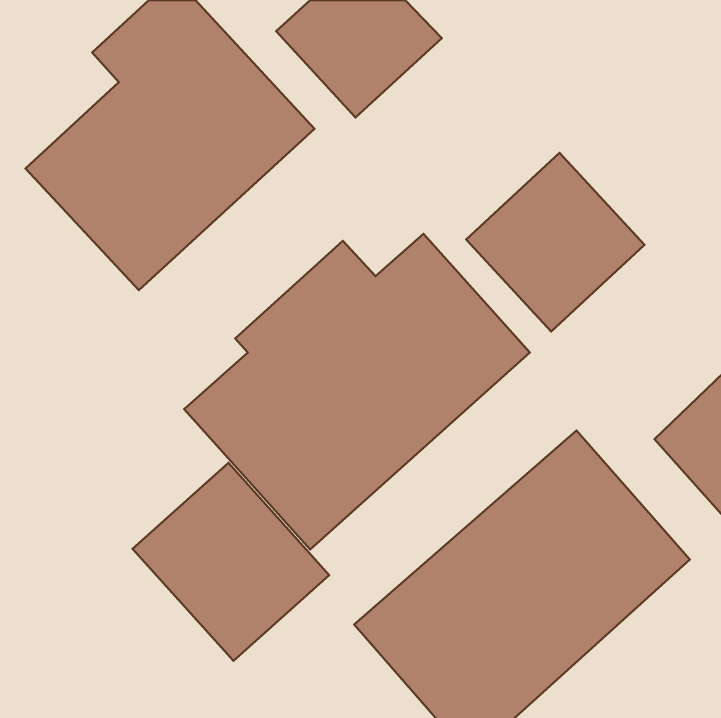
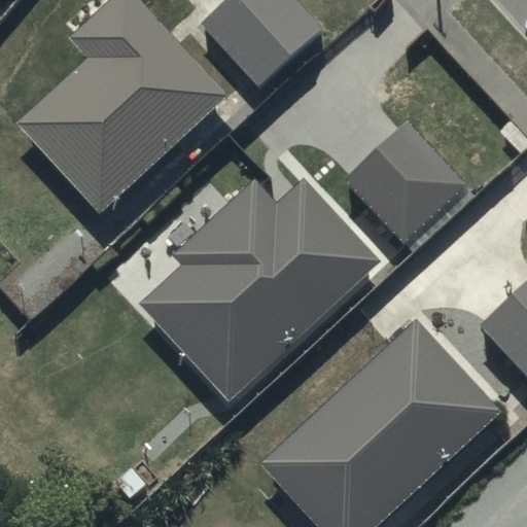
building: [132,463,329,661] -> none

